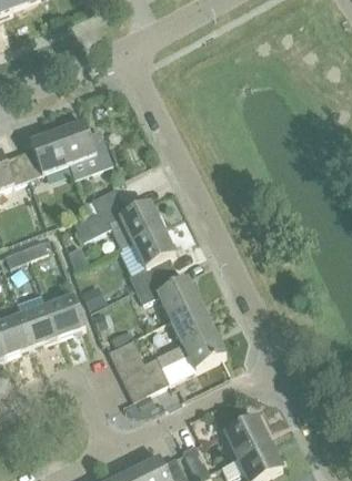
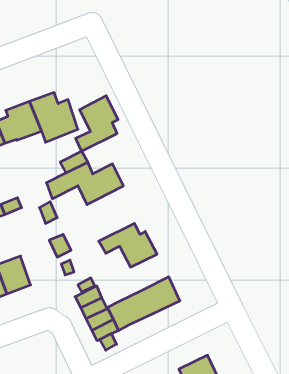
building: [128,225,175,287] -> [76,96,118,151]
building: [47,294,86,336] -> none
building: [170,301,212,342] -> none

